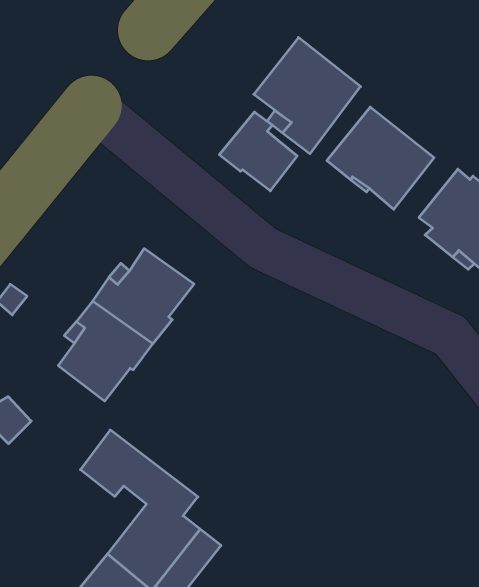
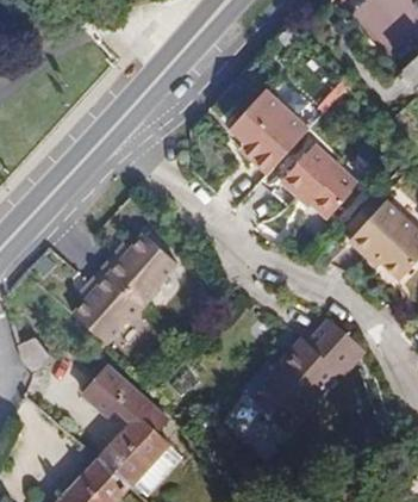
building: [219,112,297,191] -> none
building: none -> [250,320,364,432]

